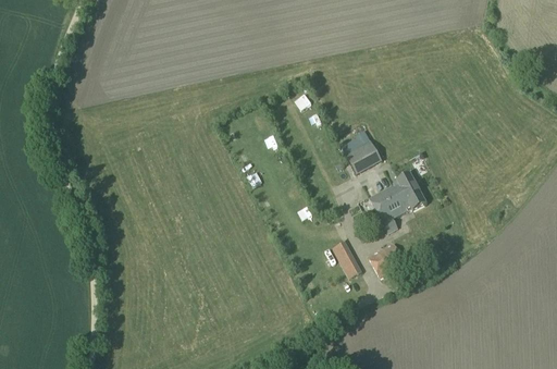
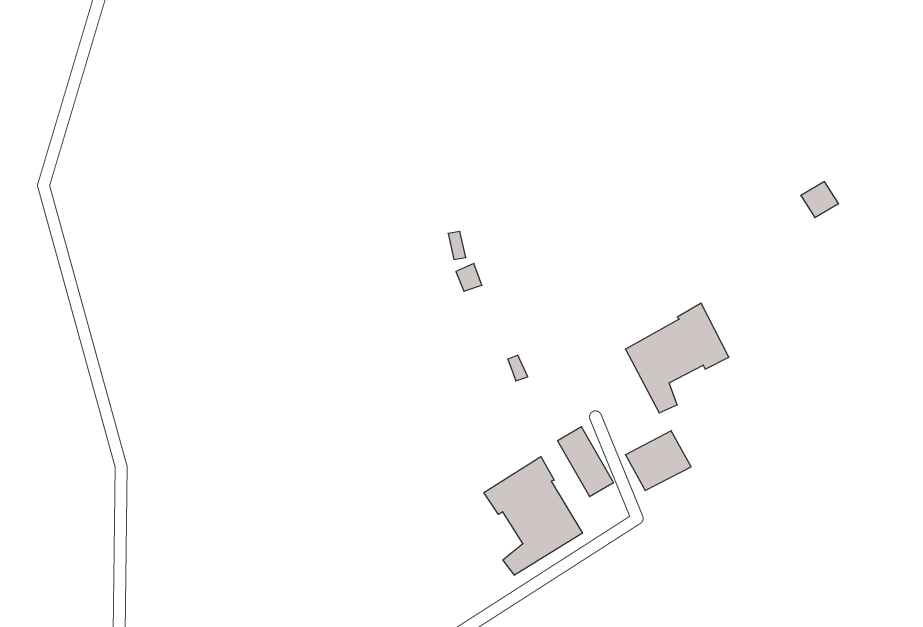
building: [341,131,382,173] -> none
building: none -> [484,457,583,575]

